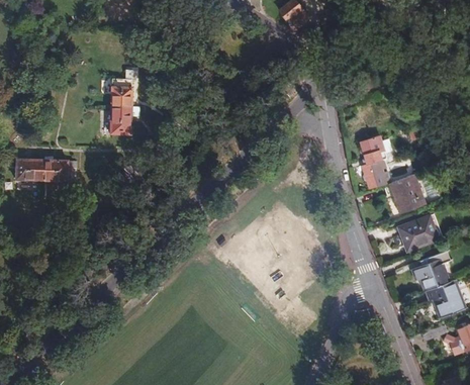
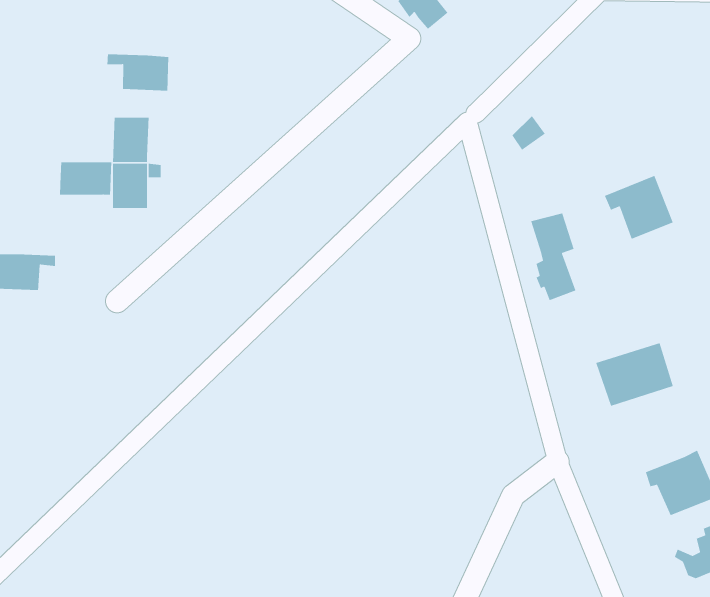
building: none -> [106,54,169,91]
building: none -> [59,162,112,195]
building: [383,174,425,212] -> [604,175,674,240]
building: [411,249,451,290] -> none

